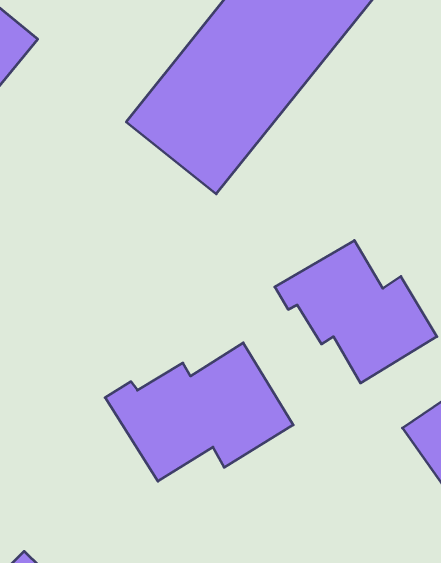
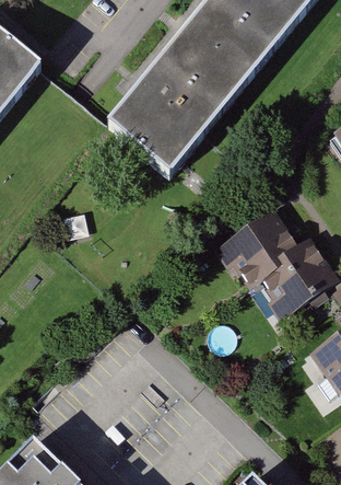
building: [105,343,293,481] -> none

